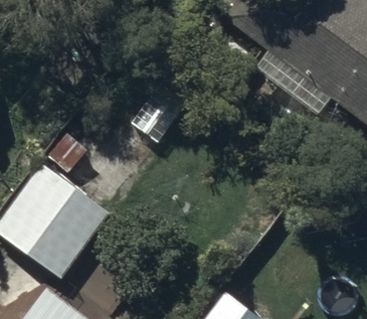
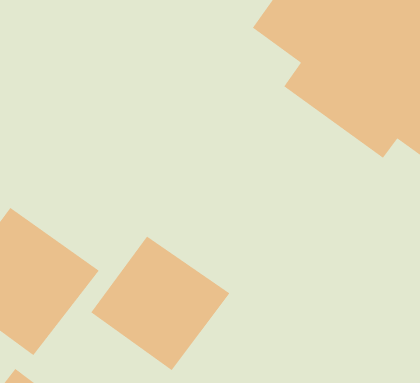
building: none -> [90,235,231,371]

